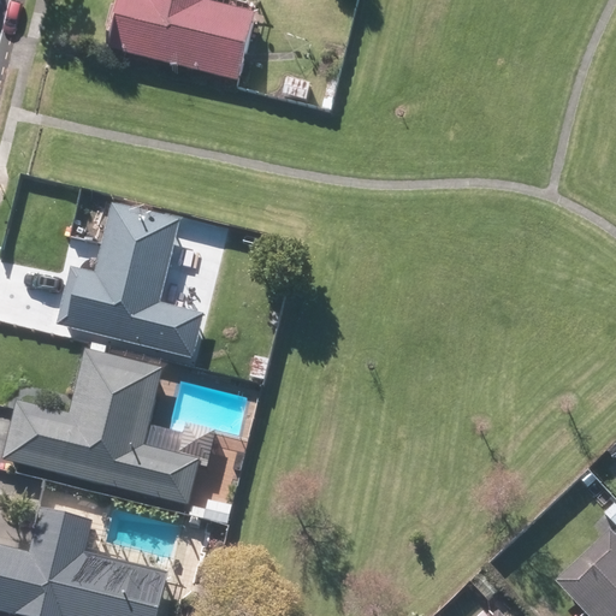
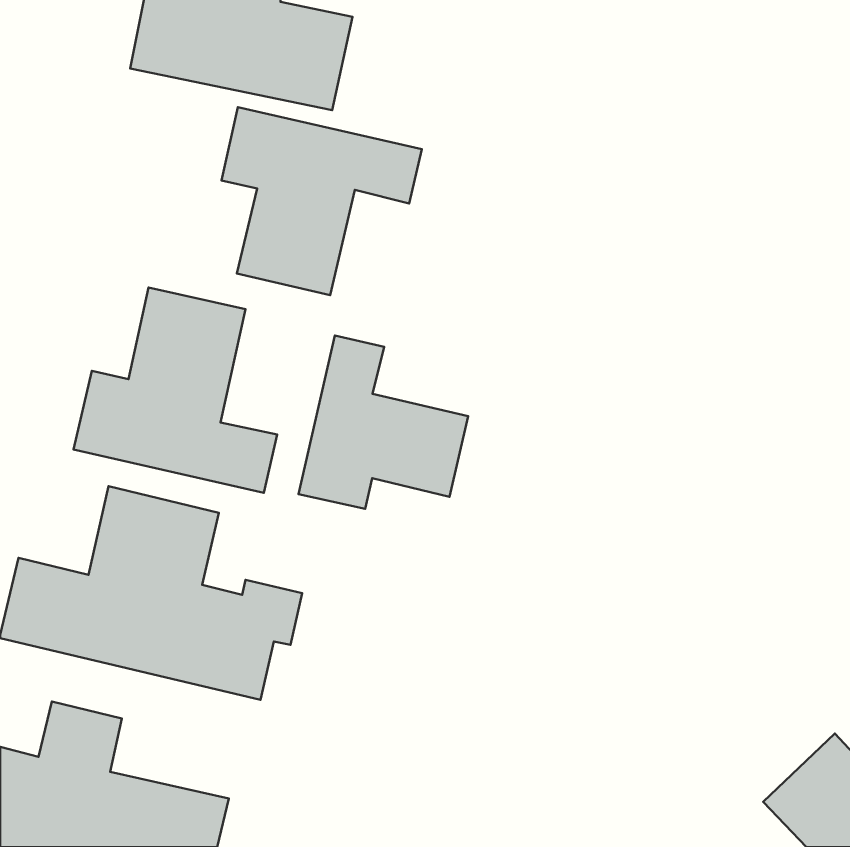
building: none -> [222,107,422,295]
building: none -> [299,336,468,509]

